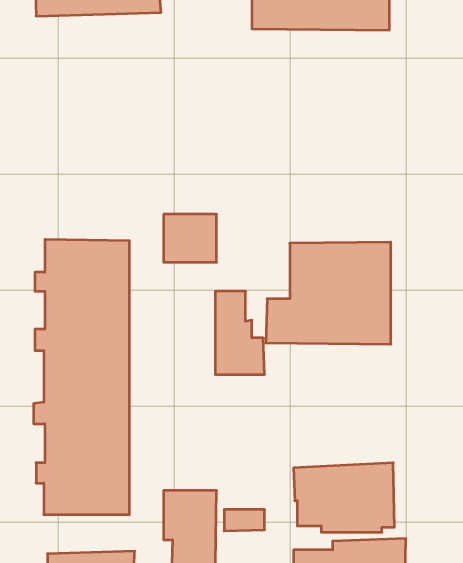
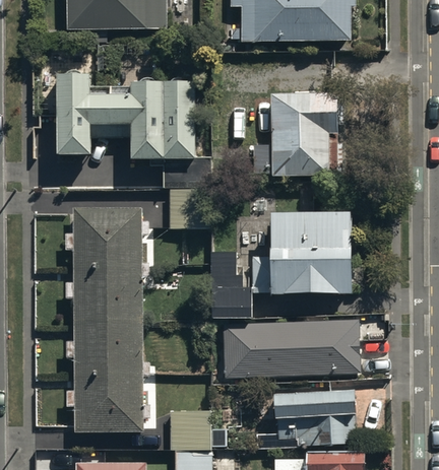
building: none -> [56,73,210,187]
building: none -> [252,91,337,175]
building: none -> [223,320,360,379]

